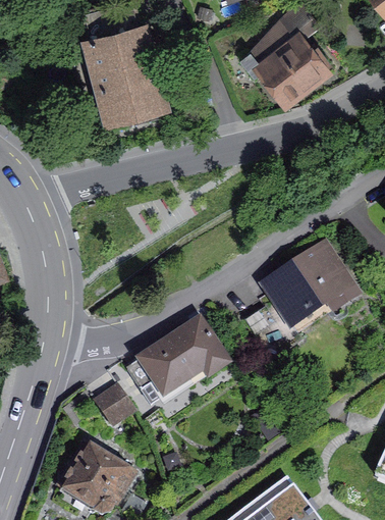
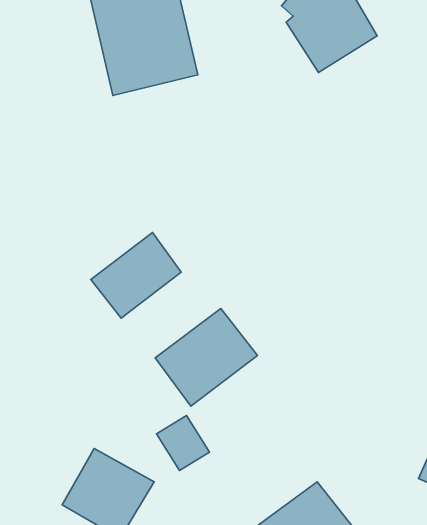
building: [268,242,360,325] -> none
building: none -> [91,233,181,318]
building: [90,379,136,428] -> [157,415,209,471]

